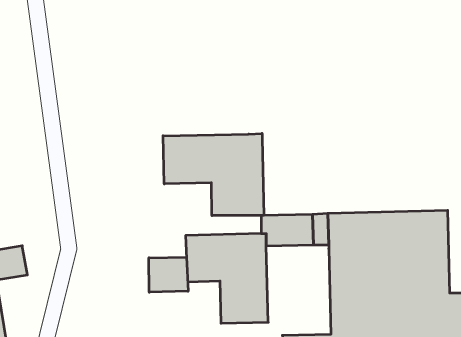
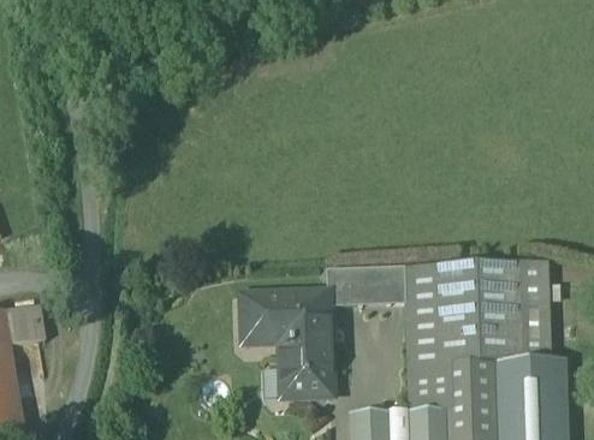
building: [163,133,264,216] -> none
building: [149,257,188,292] -> none

